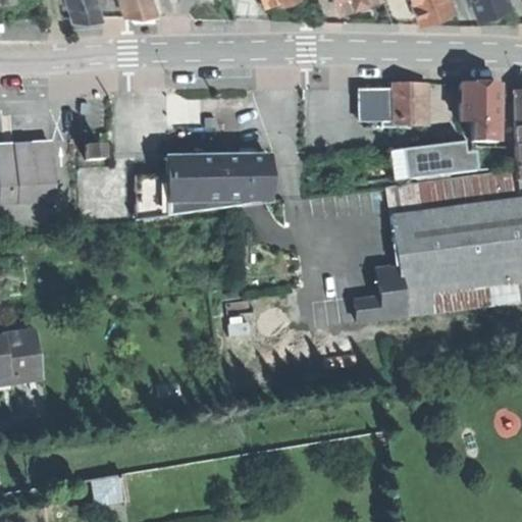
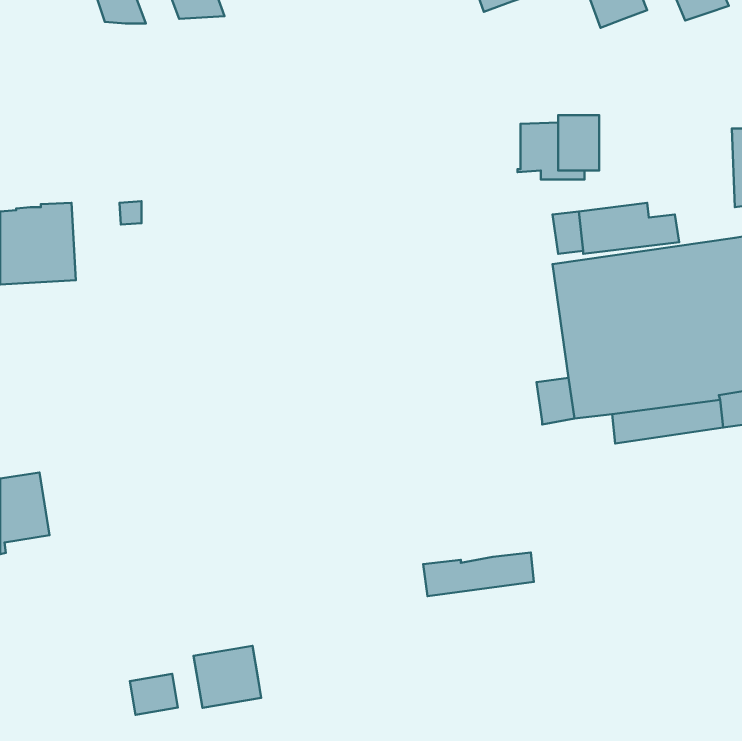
building: [461,82,498,139] -> none
building: [136,154,269,218] -> none
building: [355,290,432,320] -> [423,553,534,596]
building: none -> [193,646,261,708]

